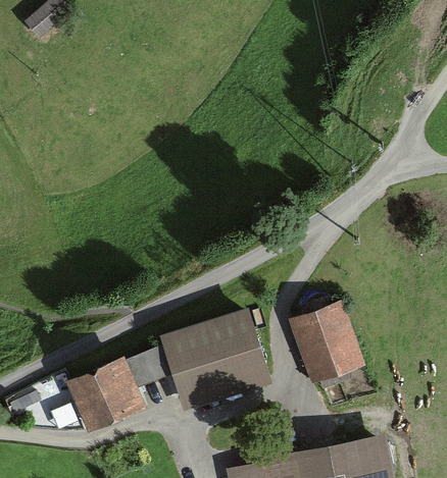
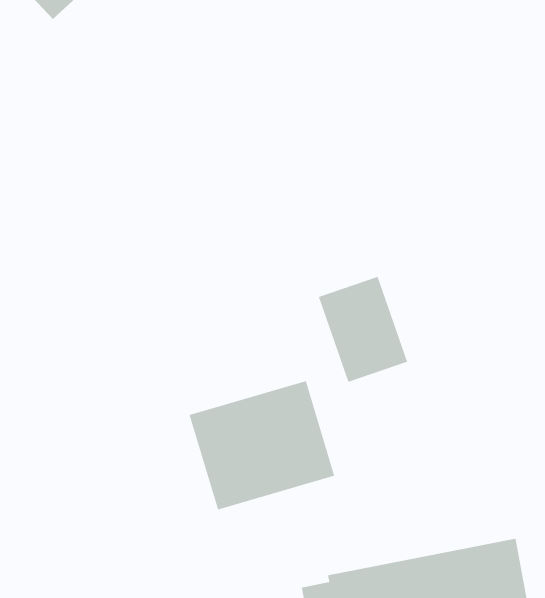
building: [287,302,354,381] -> [318,276,408,383]
building: [77,366,144,429] -> none

